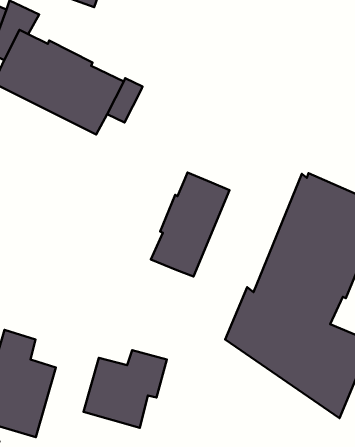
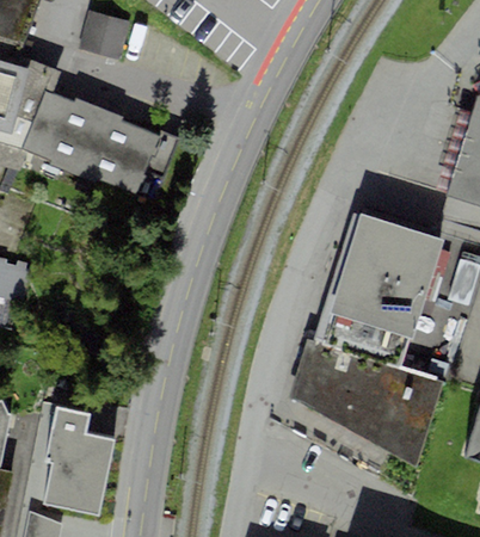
building: [151,173,230,276] -> none
building: [83,350,167,428] -> none

